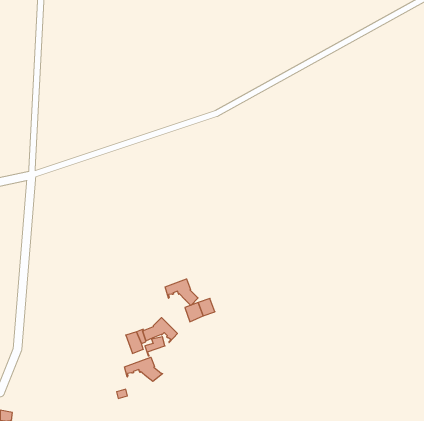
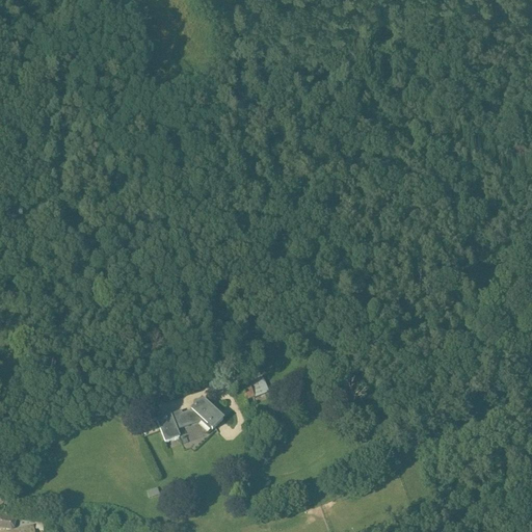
building: [165,279,198,305] -> none
building: [124,357,163,381] -> none

